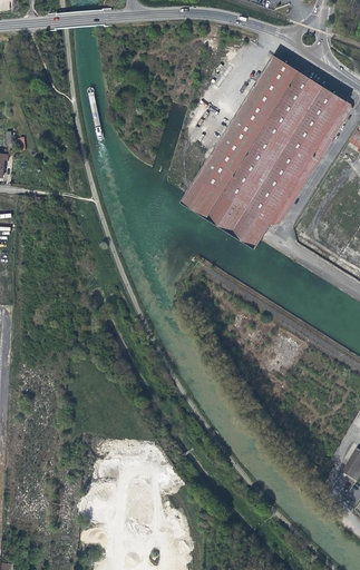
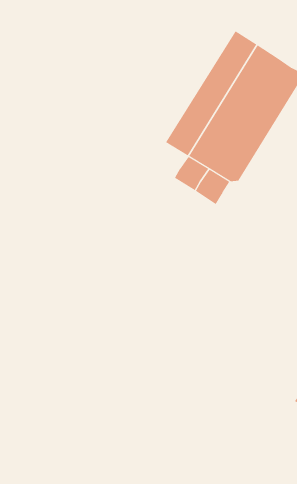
building: [182,179,223,219] -> none

